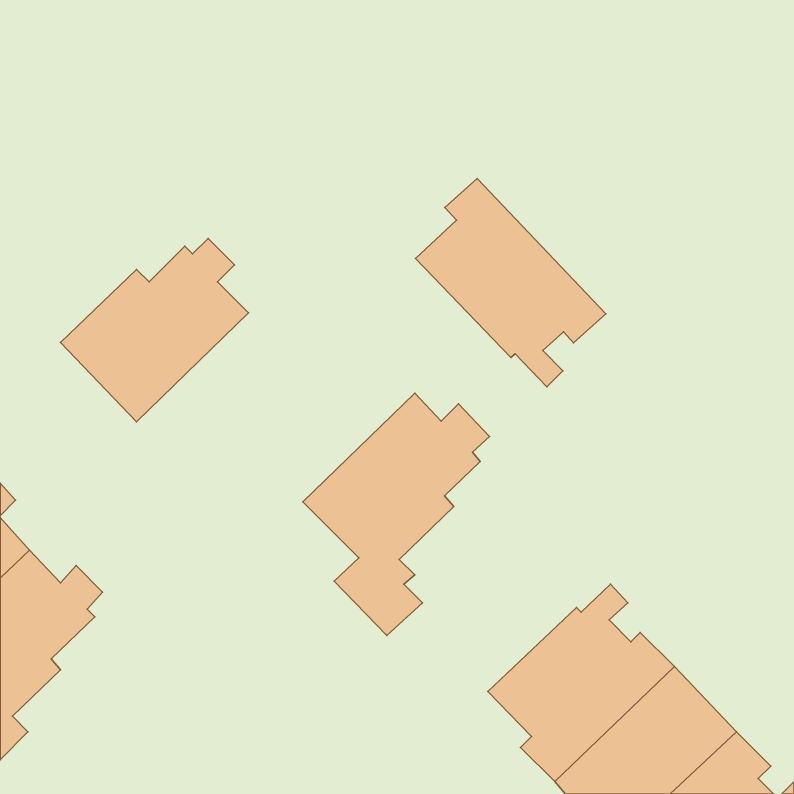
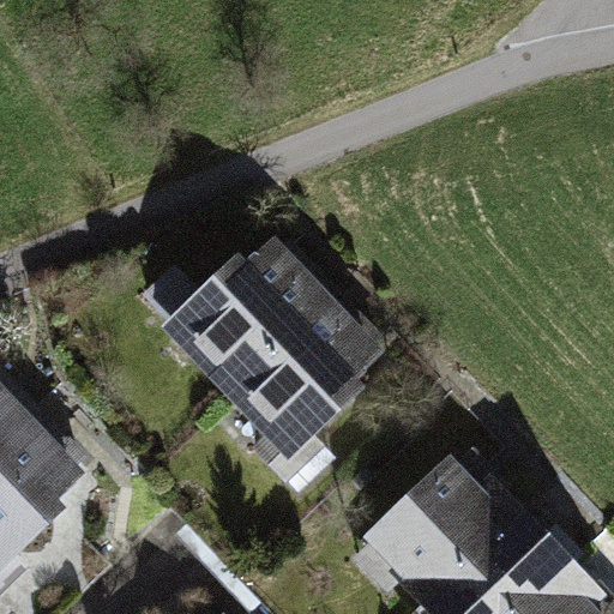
building: [416,178,606,387] -> none
building: [61,238,249,422] -> [175,246,320,387]

